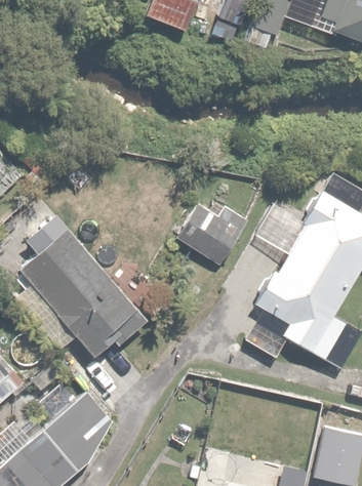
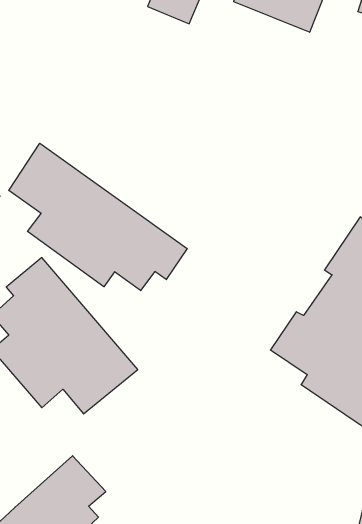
building: none -> [9,143,187,291]
building: [174,201,249,267] -> none

